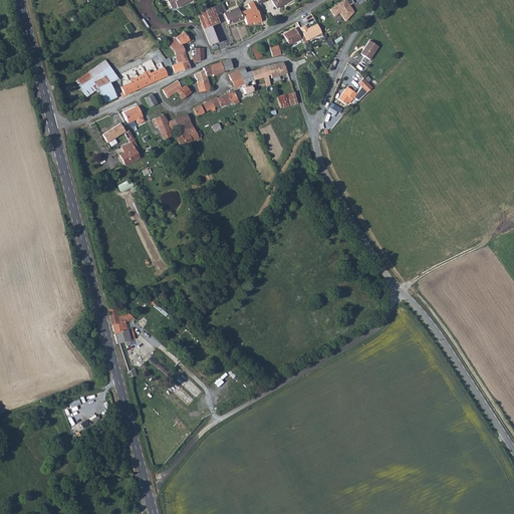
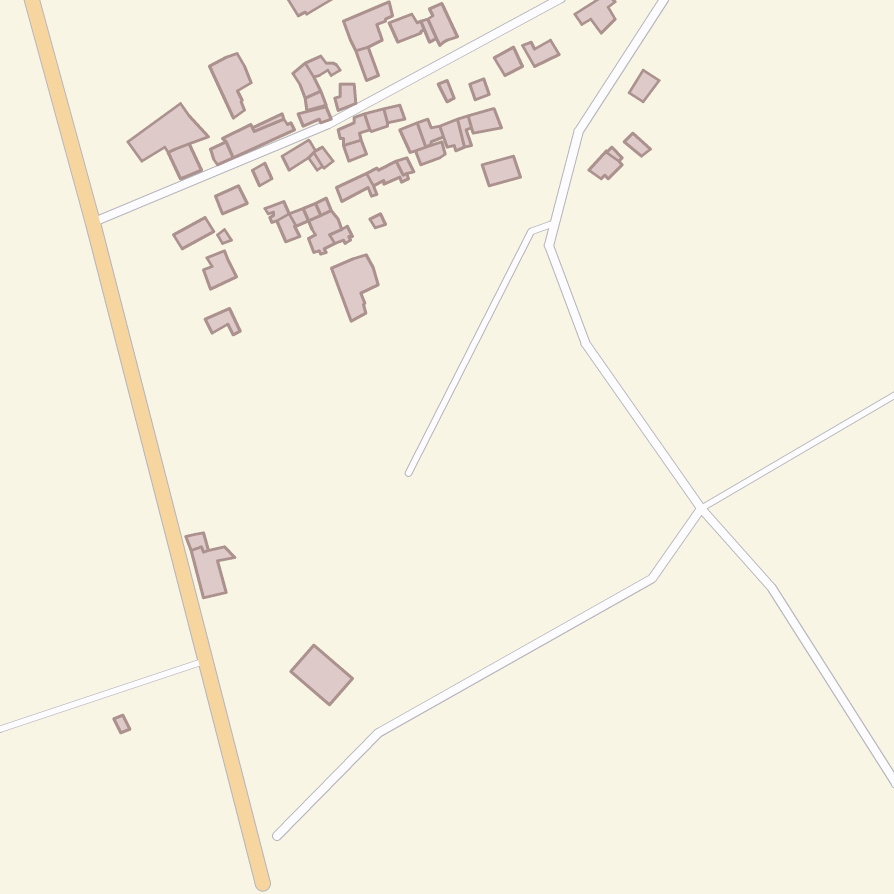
building: none -> [210,53,251,118]
building: none -> [331,255,378,321]

